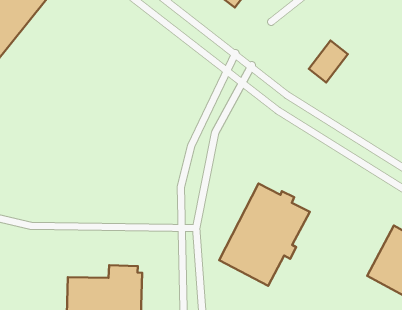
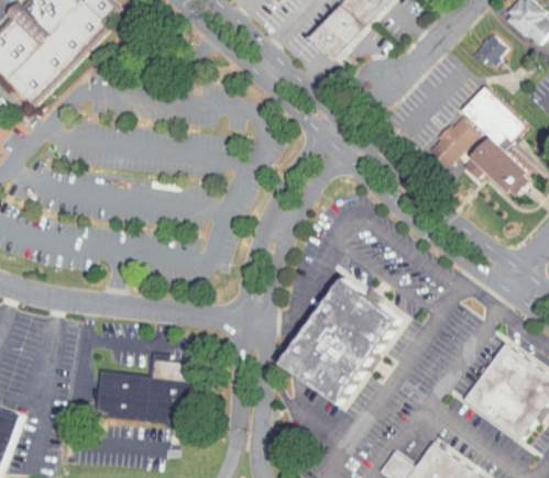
building: none -> [450,80,523,191]

